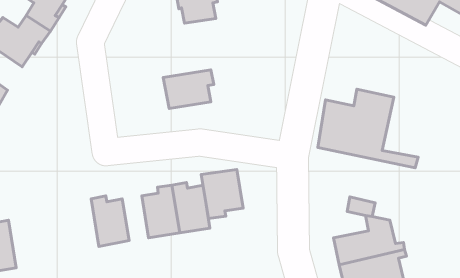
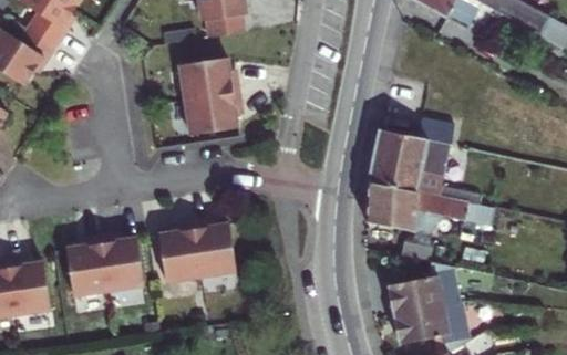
building: none -> [181,56,240,100]
building: none -> [358,179,481,228]
building: [201,170,243,219] -> none
building: none -> [70,238,113,297]
building: none -> [10,260,54,316]

